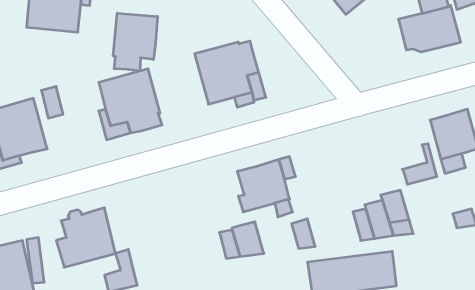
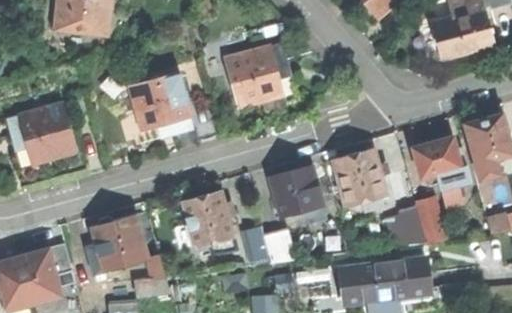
building: [113,13,157,71] -> none
building: none -> [411,136,460,183]
building: none -> [331,148,385,211]
building: none -> [181,191,233,254]

